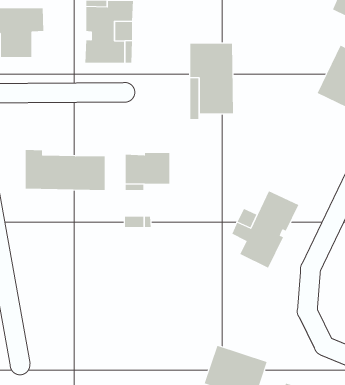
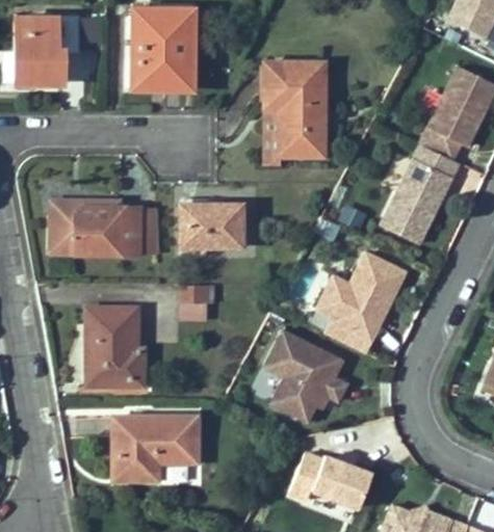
building: none -> [384,143,461,243]
building: none -> [87,307,145,383]
building: none -> [258,329,347,427]
building: none -> [114,416,199,479]

